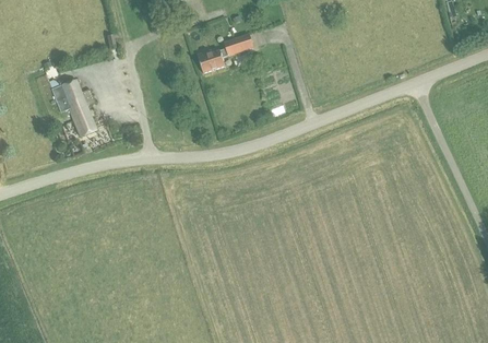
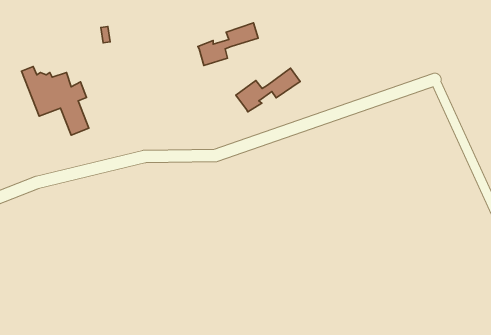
building: none -> [236,68,300,112]

